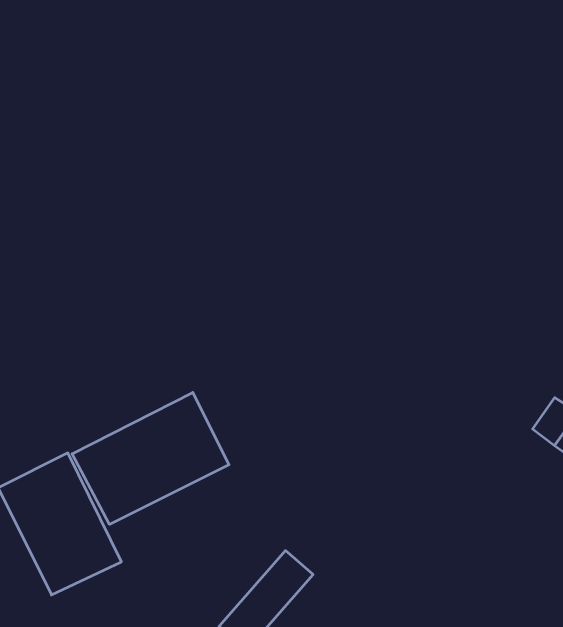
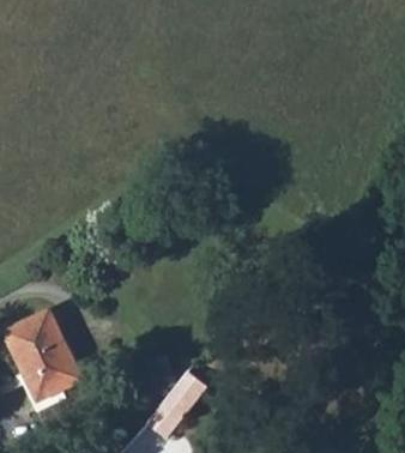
building: [72,392,229,524] -> none

